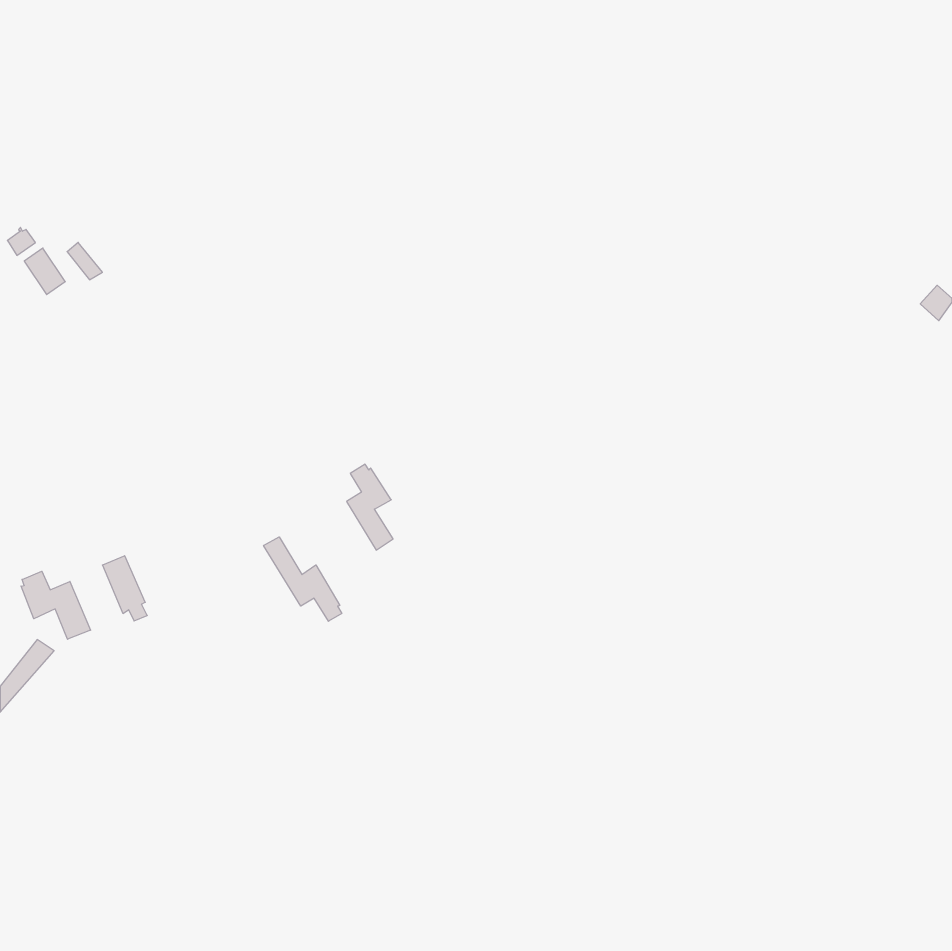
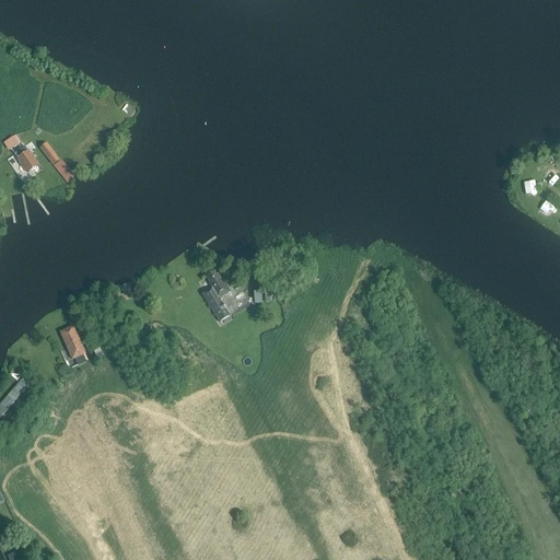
building: [264,537,342,621] -> none
building: [21,571,91,639] -> none

